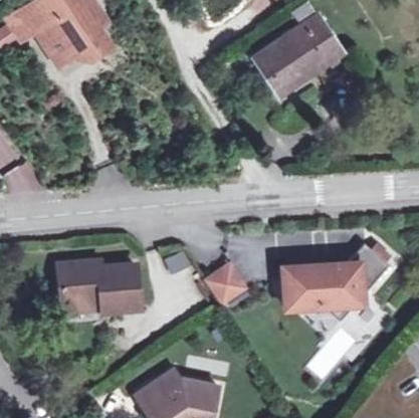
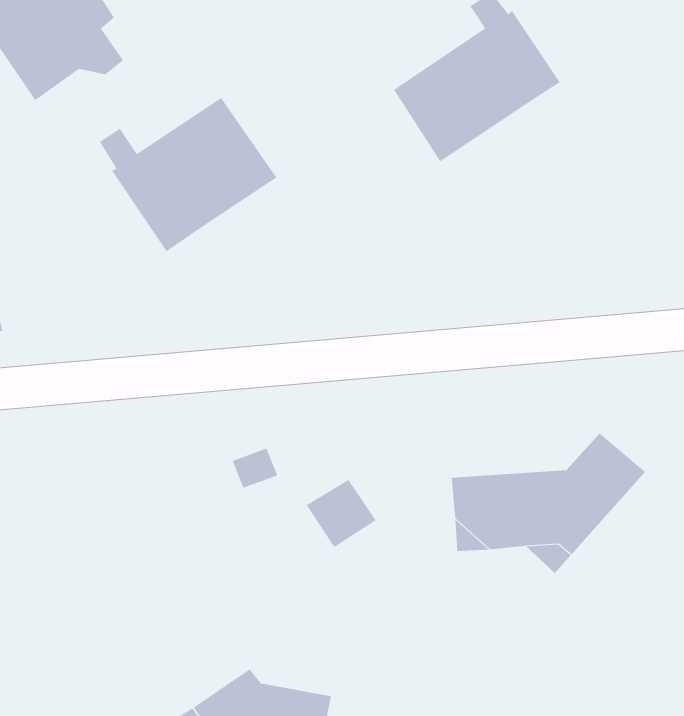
building: none -> [99,97,277,252]
building: [59,261,140,309] -> none

